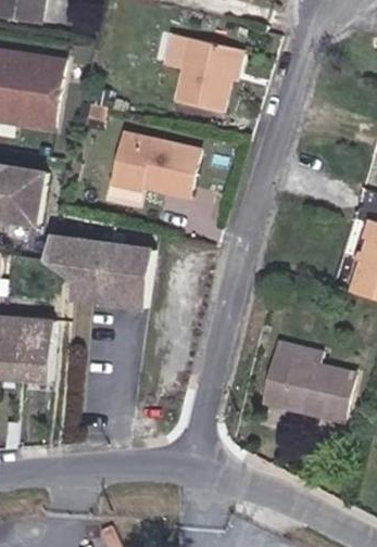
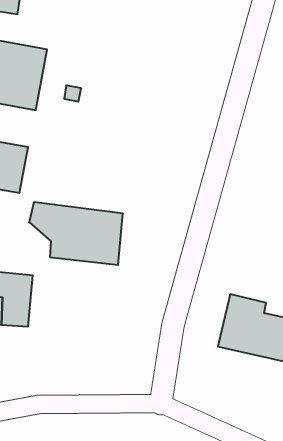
building: [166,35,236,110] -> none
building: [114,136,198,193] -> none

